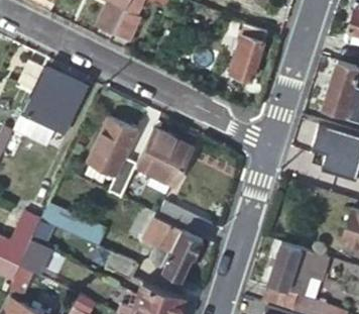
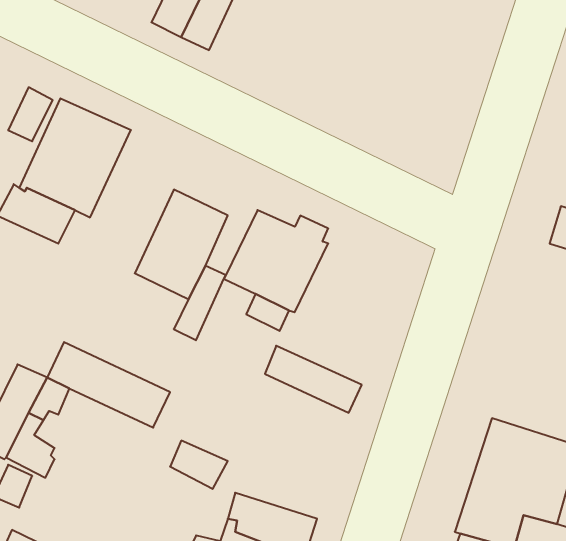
building: [231,25,267,81] -> none
building: [146,216,204,281] -> none

